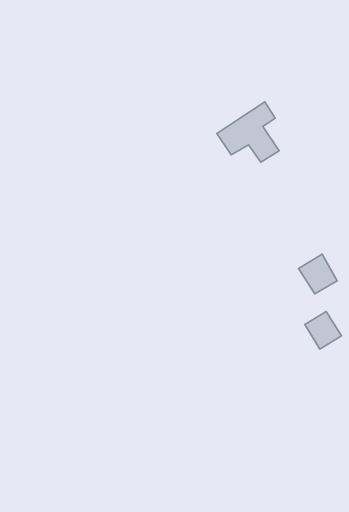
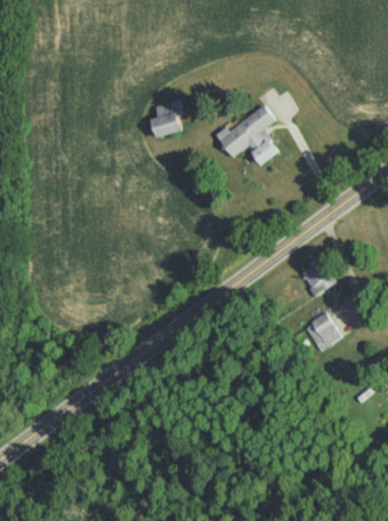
building: none -> [151,99,183,137]

